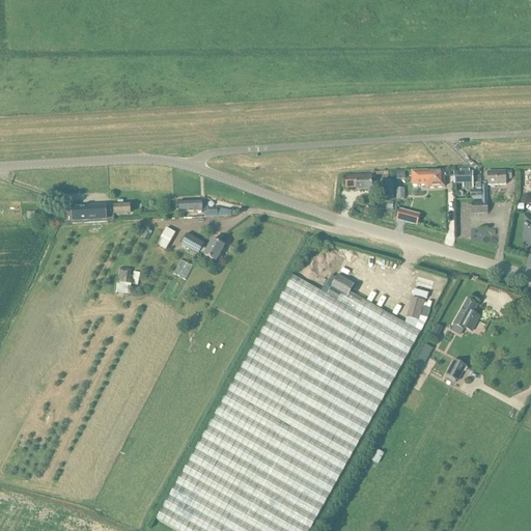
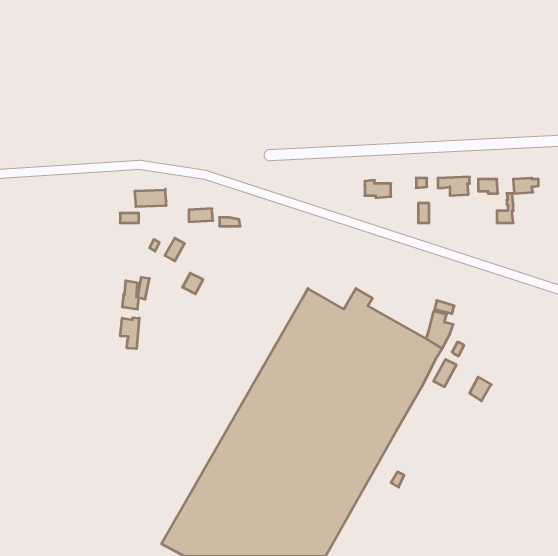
building: [76,203,106,220] -> [135,189,166,207]
building: [181,232,225,260] -> none
building: [454,298,480,332] -> none
building: none -> [120,318,139,349]

